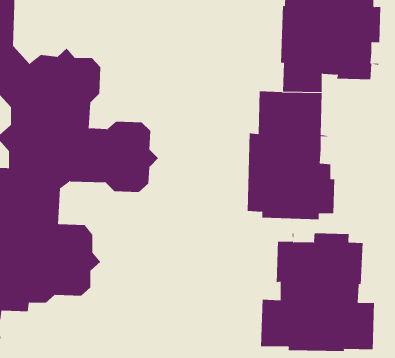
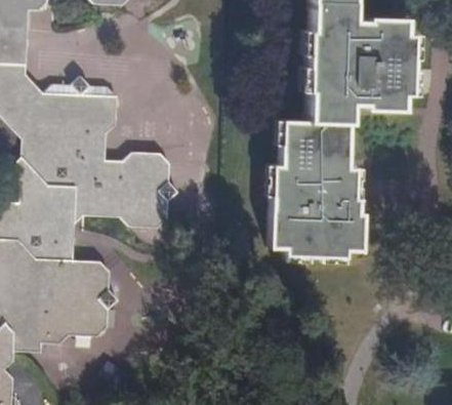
building: [261,232,375,352] -> none

